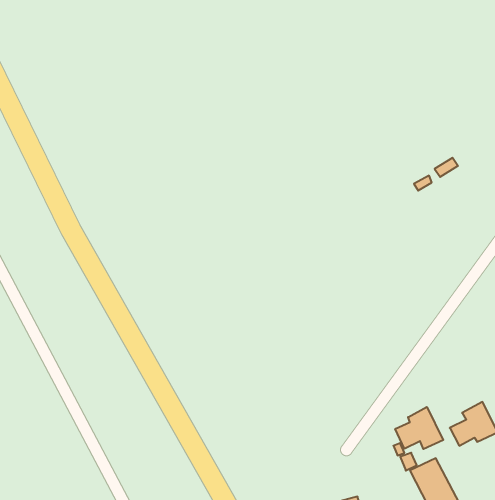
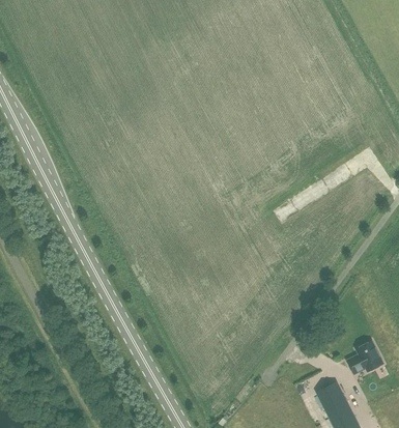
building: [395,407,443,449] -> none

